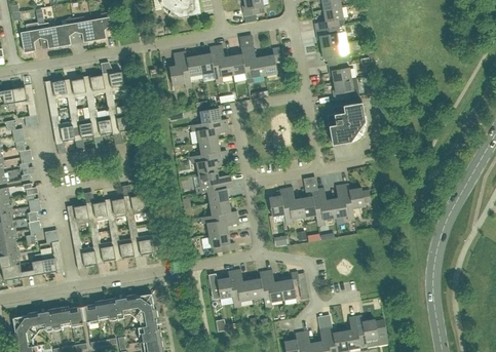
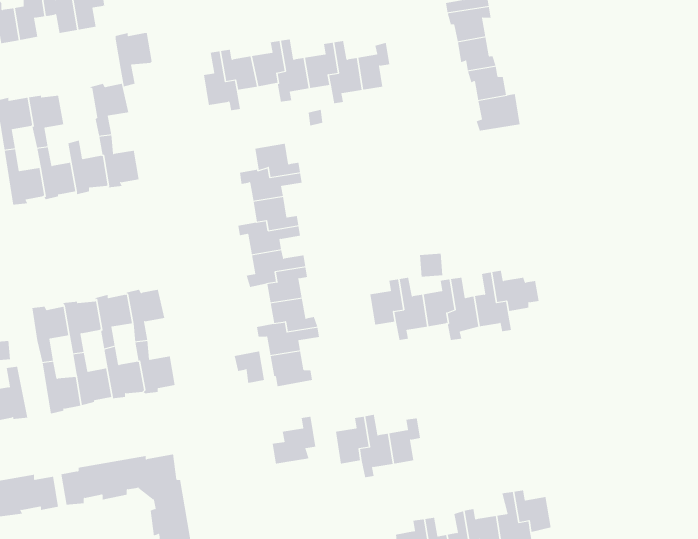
building: [83,74,106,107] -> [115,32,152,87]
building: [329,102,368,144] -> none
building: [231,268,252,307] -> none

